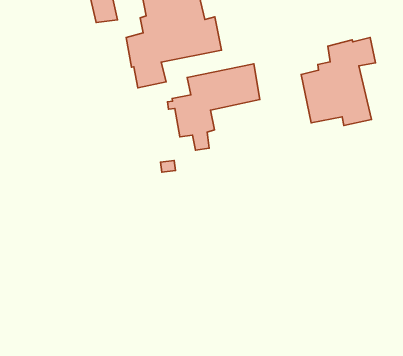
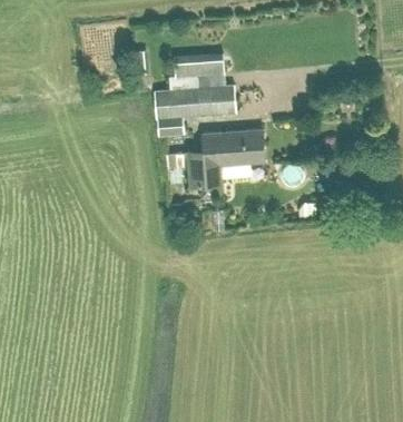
building: [301,38,375,126] -> none

